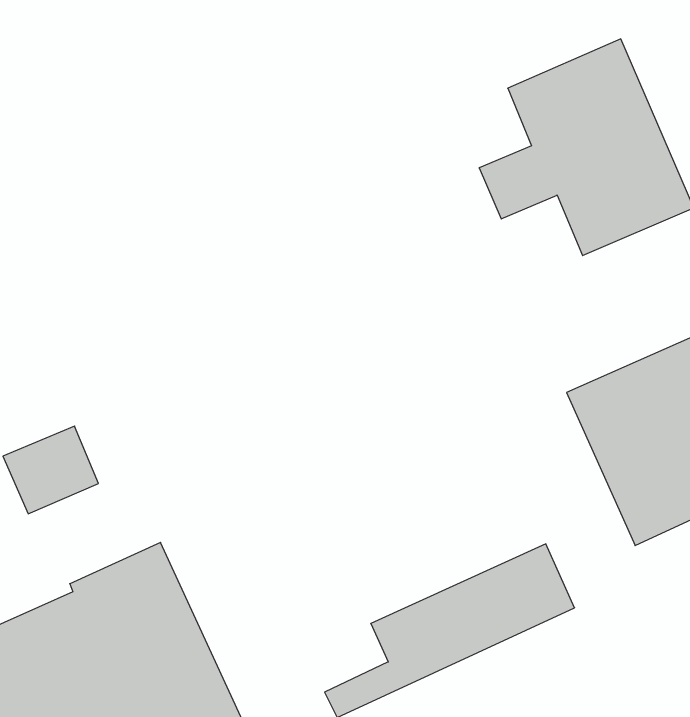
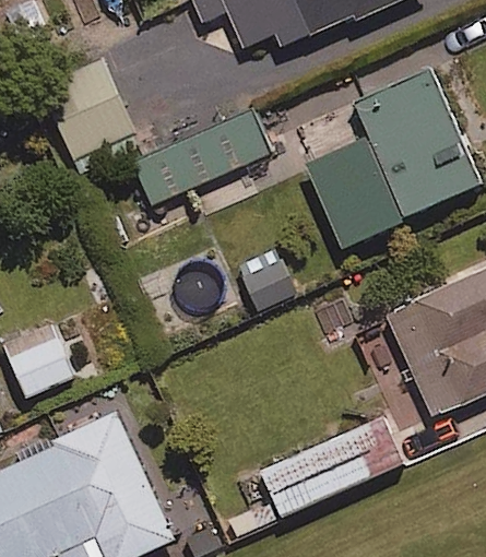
building: none -> [37,59,131,157]
building: none -> [134,111,266,201]

